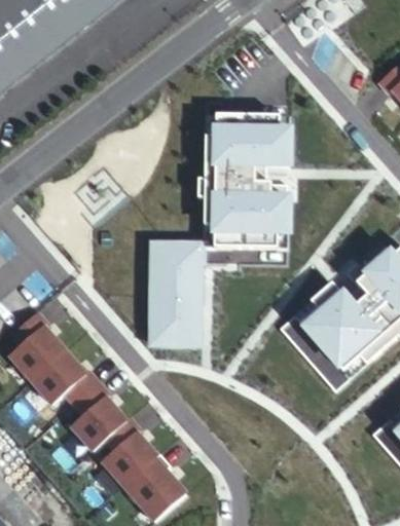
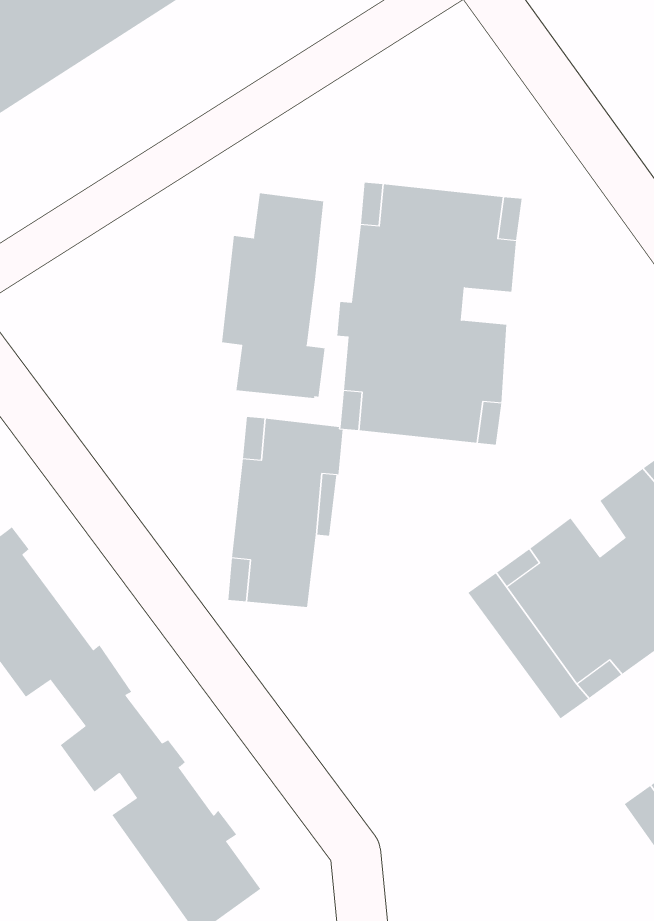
building: none -> [222,193,325,399]

